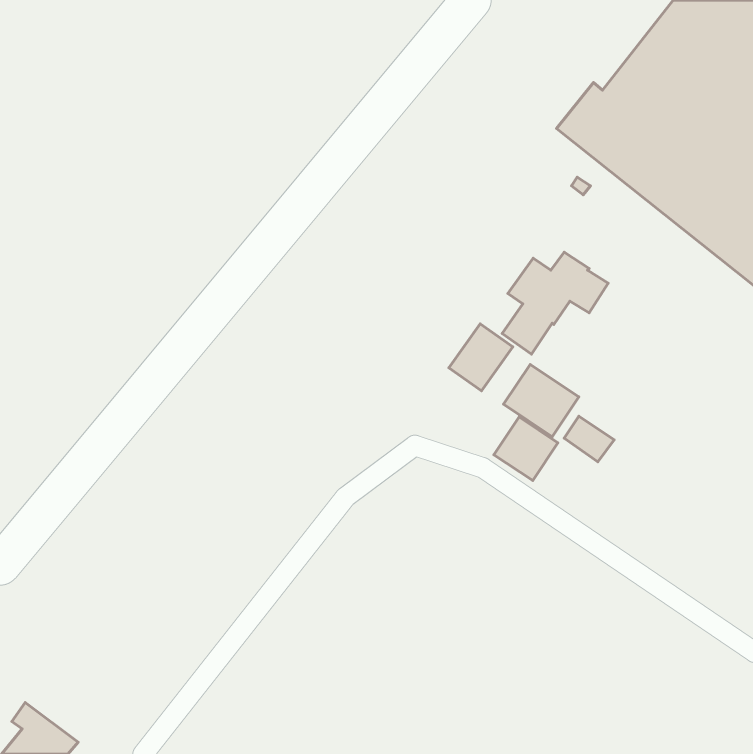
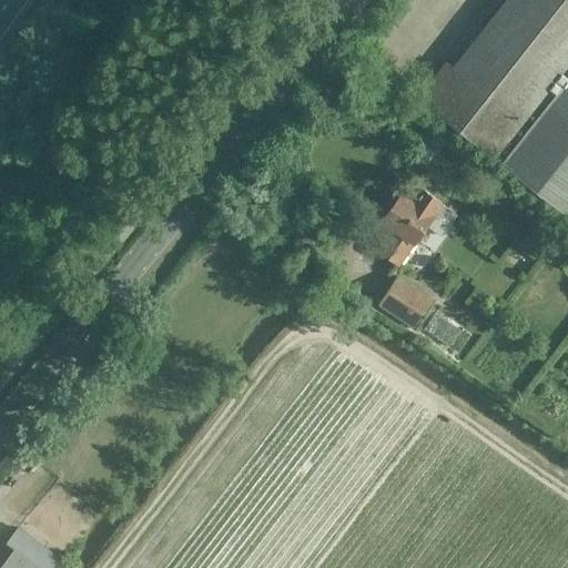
building: [449,324,513,391] -> none
building: [494,417,558,481] -> none

